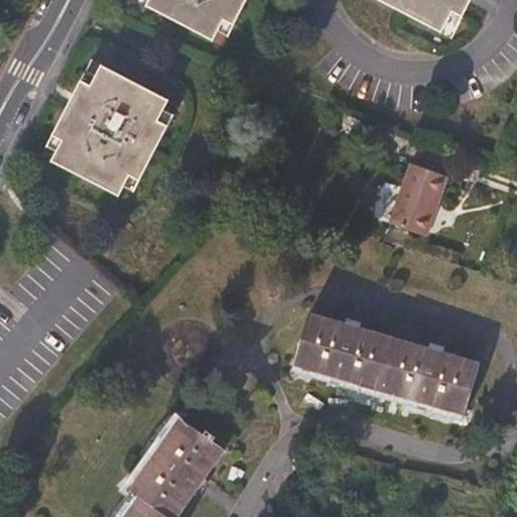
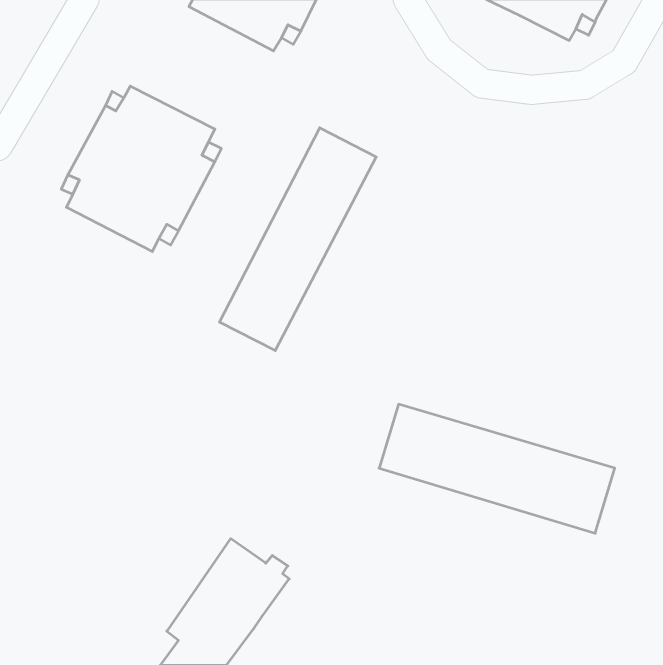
building: none -> [220,128,376,351]
building: [390,163,445,235] -> none

